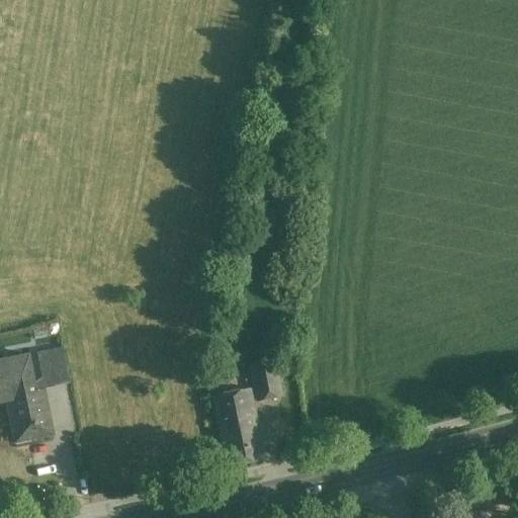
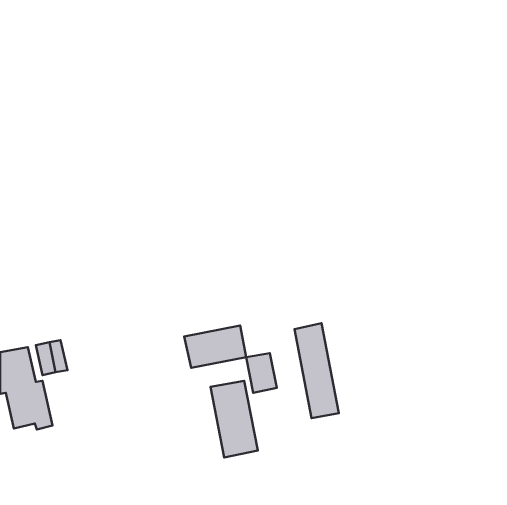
building: none -> [295,323,339,418]
building: none -> [184,326,246,368]

